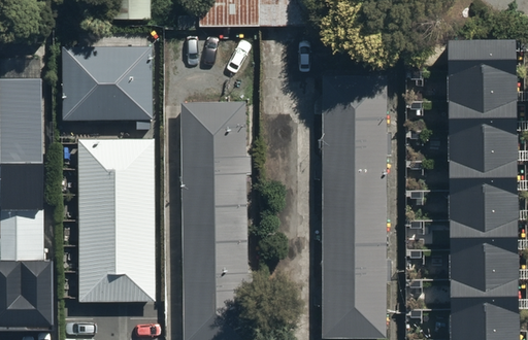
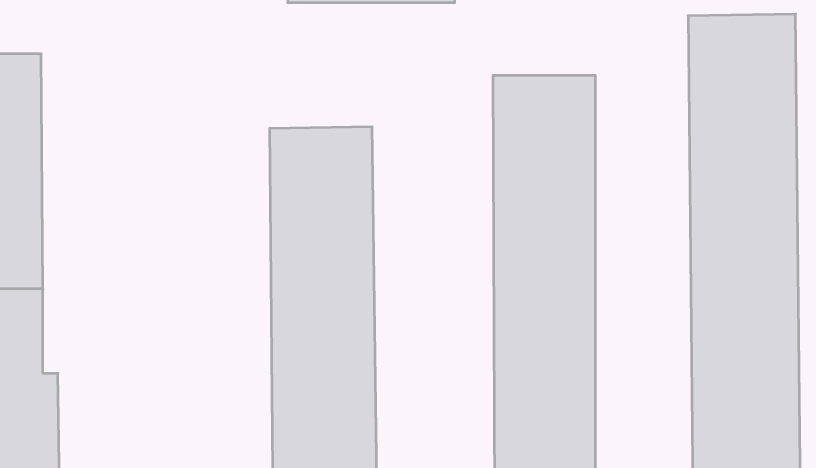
building: [65,46,153,121] -> none
building: [81,139,157,301] -> none

